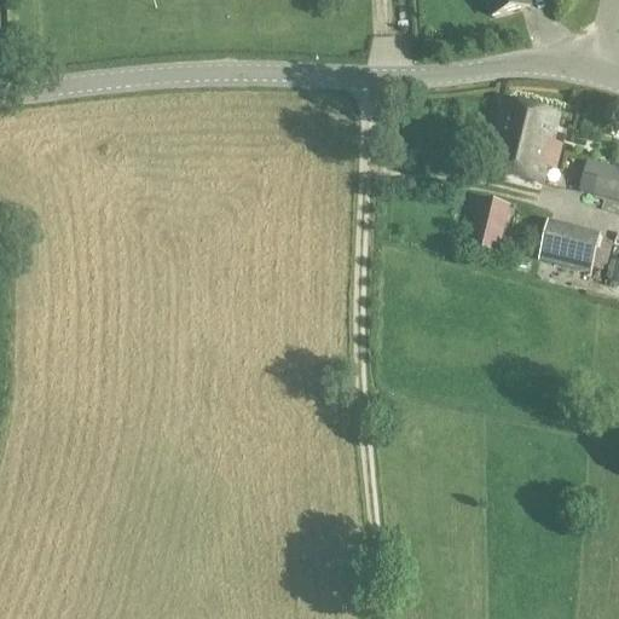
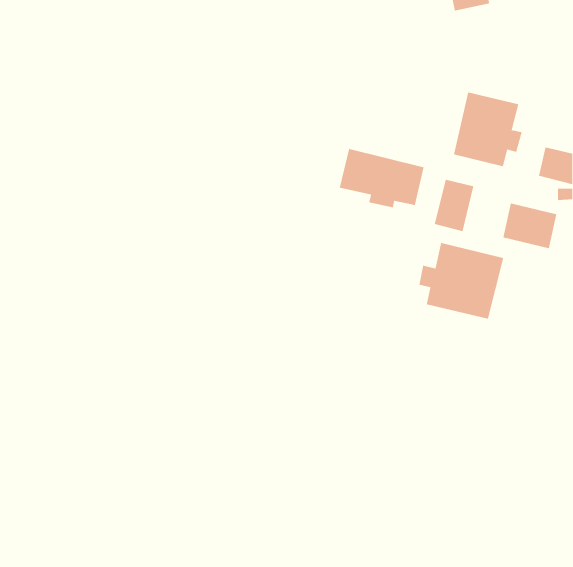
building: none -> [339,148,424,208]
building: none -> [419,242,504,320]

